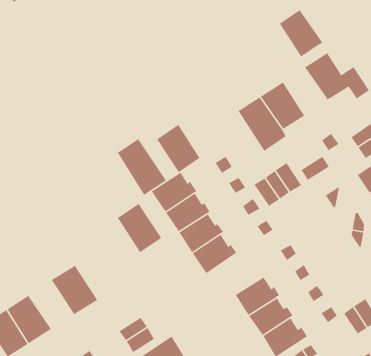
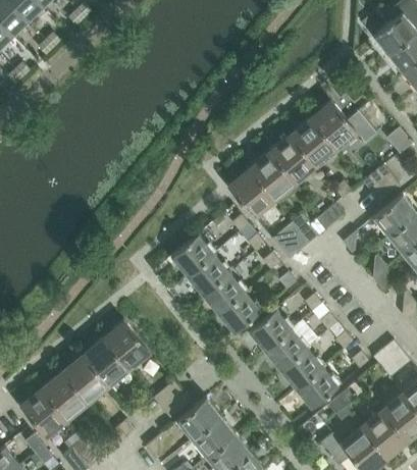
building: [279,9,323,58] -> [290,117,335,165]
building: [156,124,201,173] -> [227,167,273,216]
building: [117,138,167,196] -> none
building: [117,203,162,253] -> [103,319,150,369]
building: none -> [249,309,294,350]
building: none -> [60,354,107,403]

